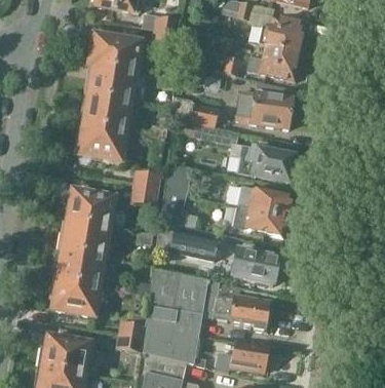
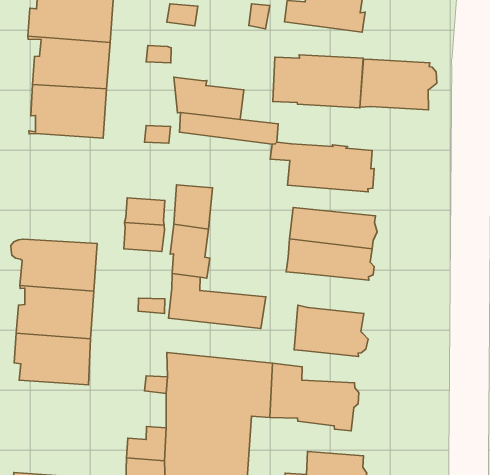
building: none -> [360,59,437,110]
building: [77,123,126,164] -> none
building: [51,277,102,315] -> none

